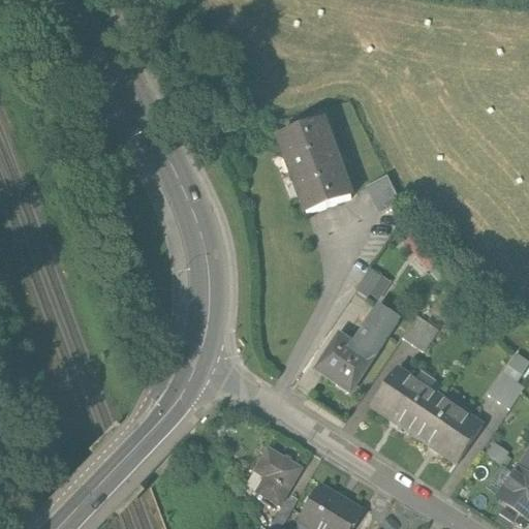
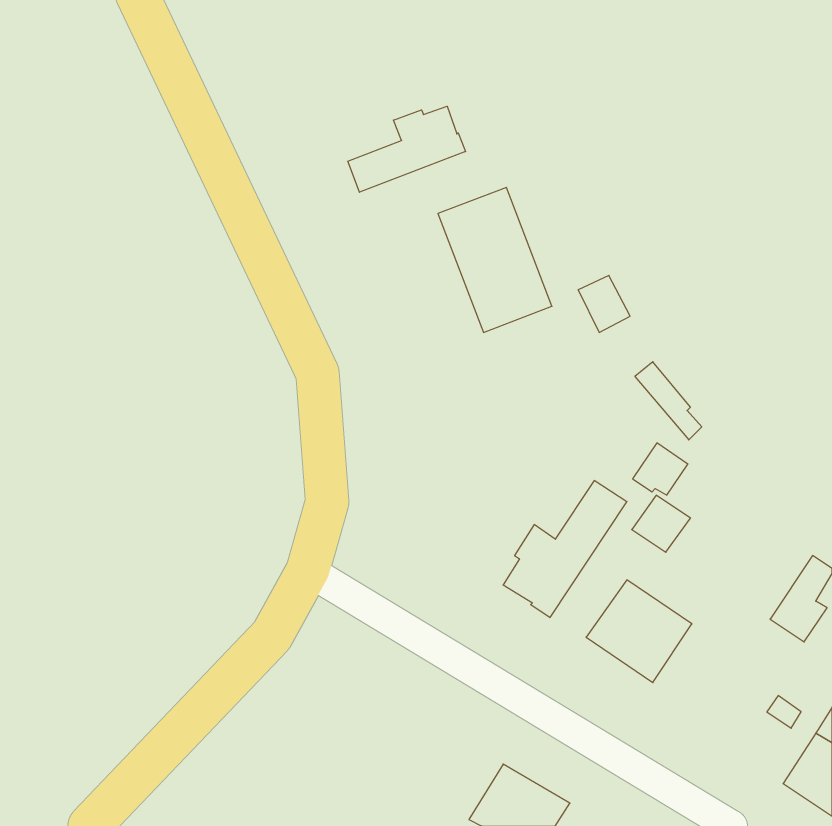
building: none -> [348,106,466,192]
building: [354,264,390,298] -> [633,443,688,495]
building: [414,396,481,461] -> none
building: [254,448,301,505] -> none

